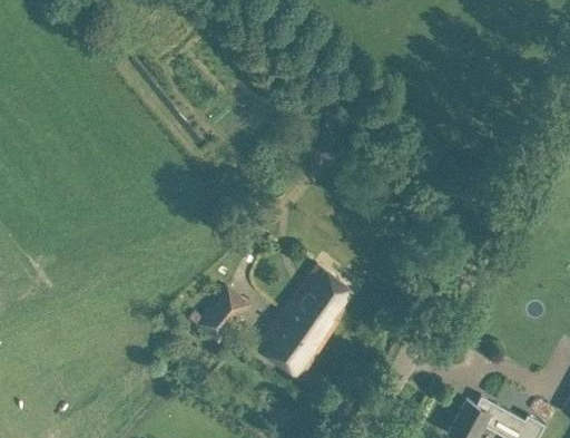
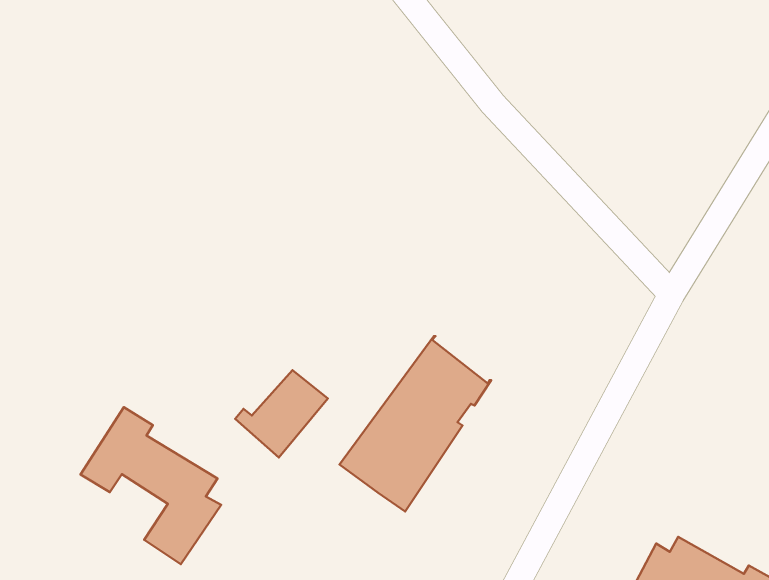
building: none -> [81,407,221,564]

